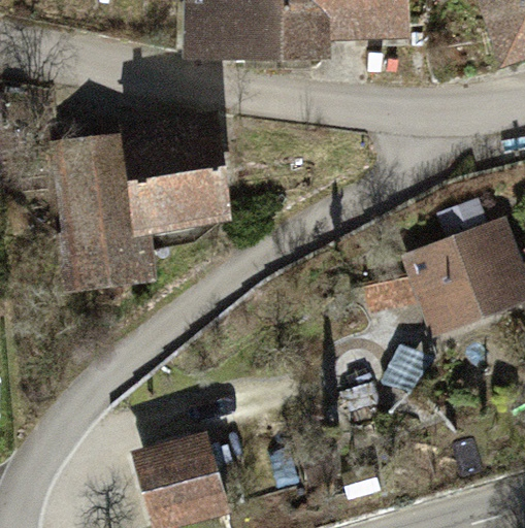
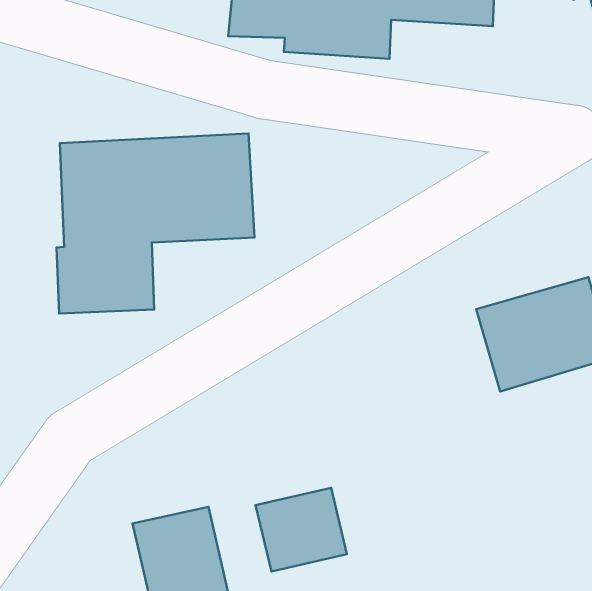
building: none -> [256,488,347,572]

